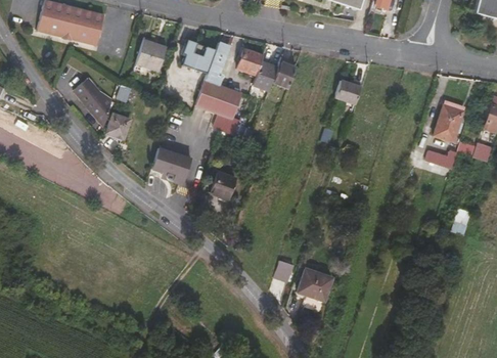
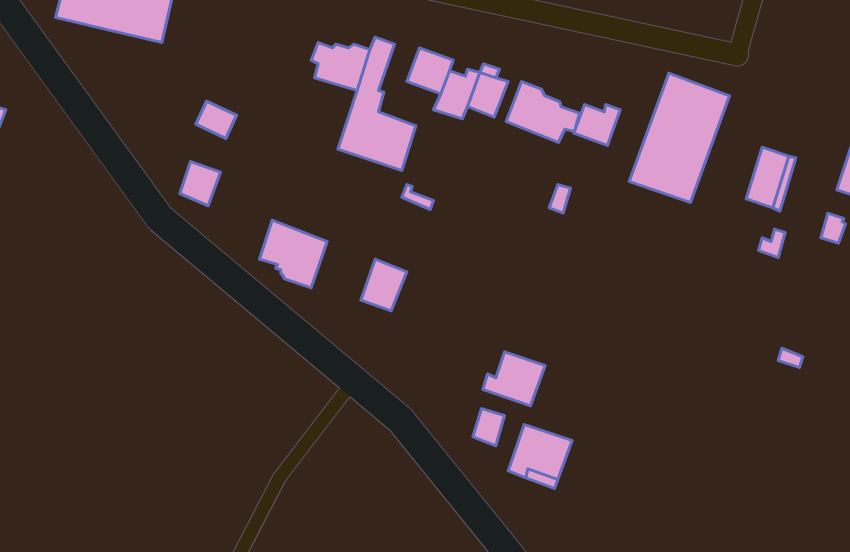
building: [134,38,164,69] -> none
building: none -> [629,73,729,203]
building: none -> [506,82,579,143]
building: [71,78,110,130] -> none
building: none -> [483,352,545,406]

